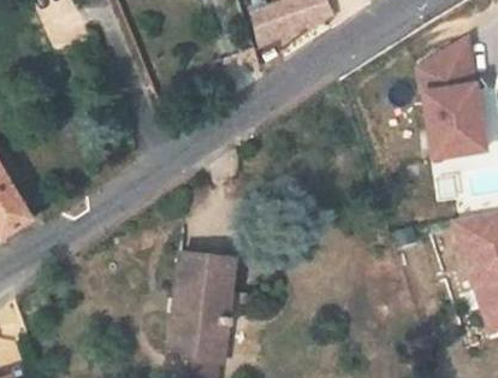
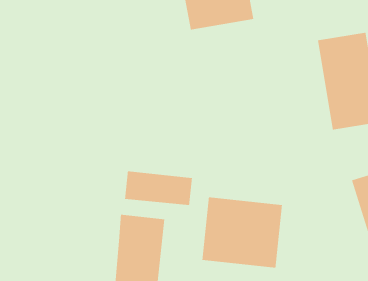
building: none -> [125,170,193,206]
building: none -> [202,197,282,268]

